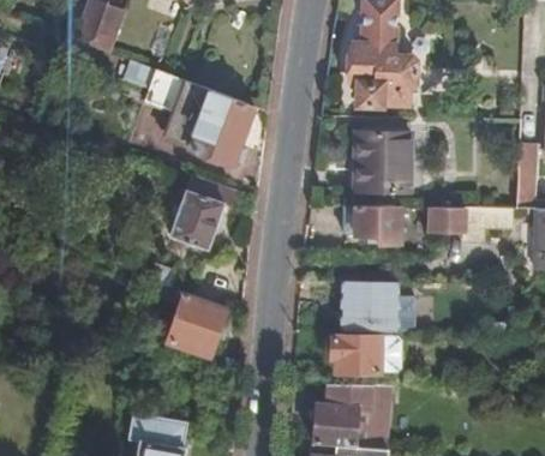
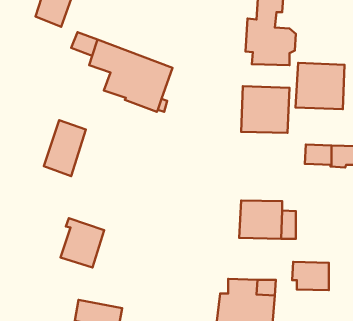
building: none -> [296,63,345,109]
building: [170,175,226,248] -> [44,120,86,176]
building: [353,205,401,244] -> none
building: [168,290,226,355] -> [60,218,104,268]
building: [333,336,381,373] -> [292,262,329,290]

